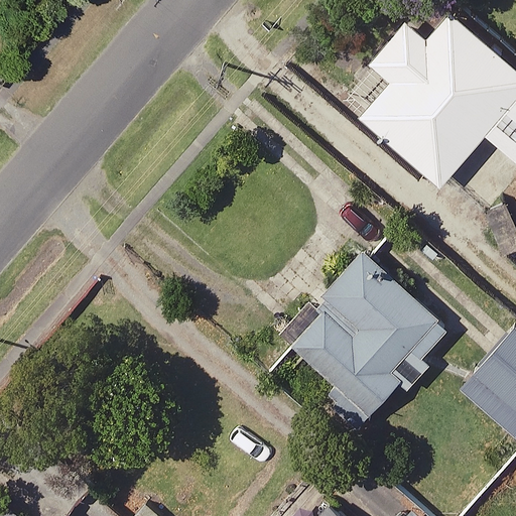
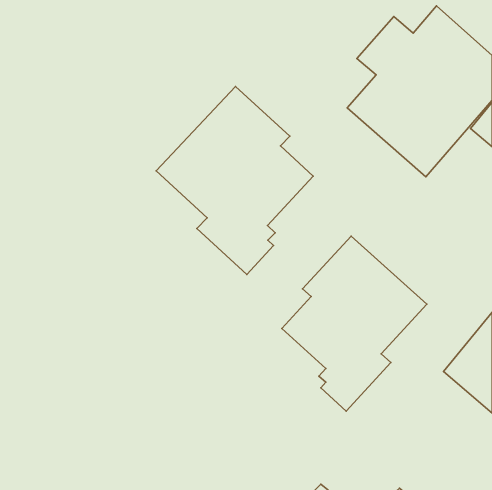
building: none -> [156,86,313,274]

